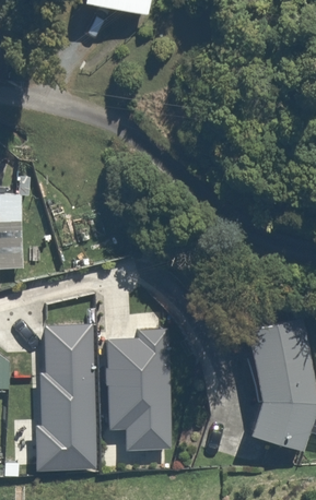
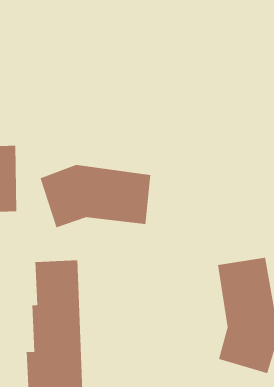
building: none -> [40,164,151,228]
building: [105,330,169,449] -> none

